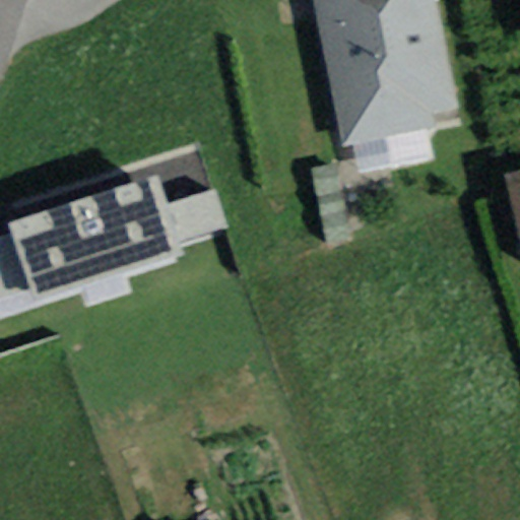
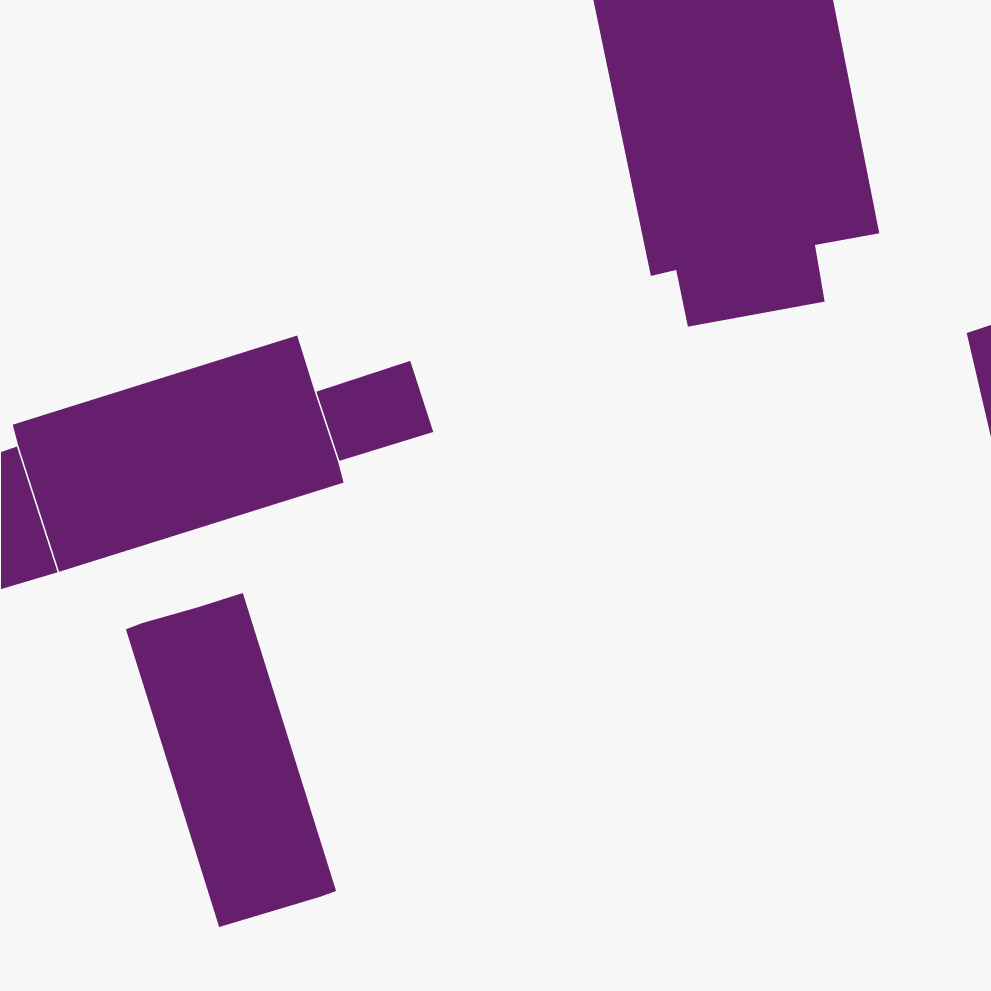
building: none -> [125,592,337,928]

